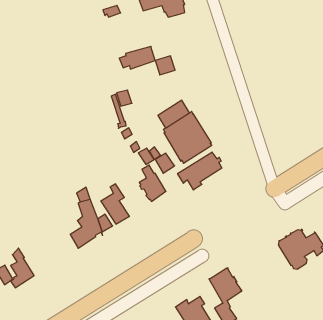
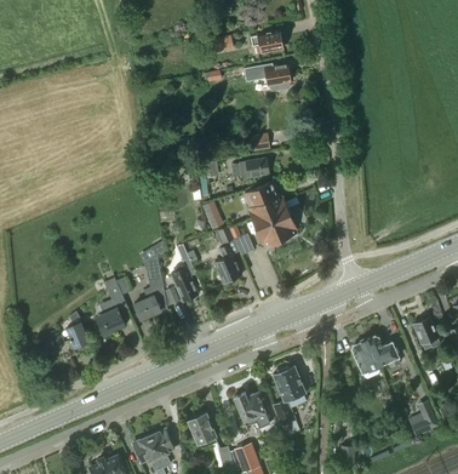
building: [119,46,155,69] -> [231,158,269,178]
building: [178,152,222,190] -> none
building: none -> [95,276,130,336]

